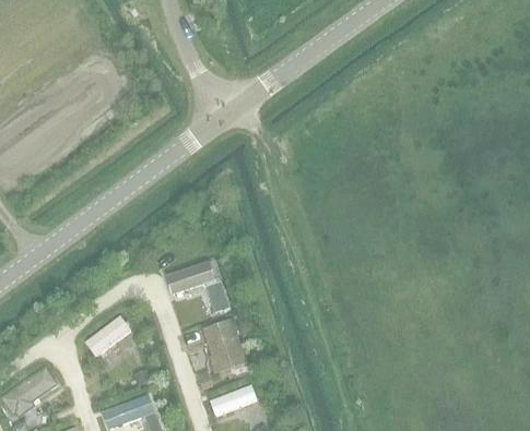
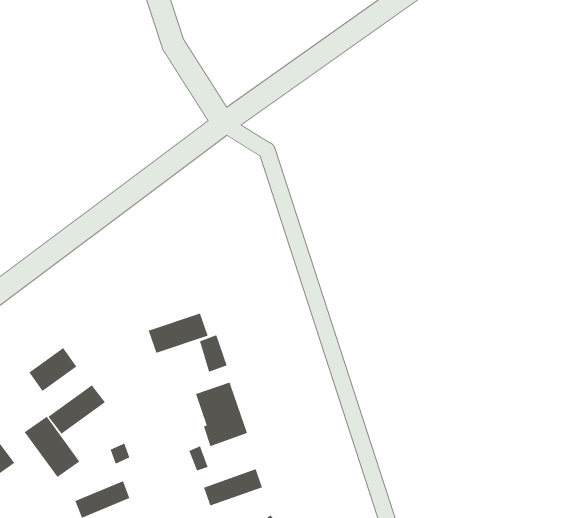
building: none -> [29,347,77,392]
building: none -> [24,416,80,478]

